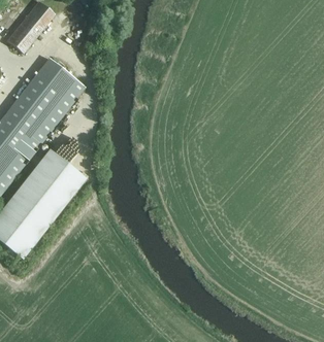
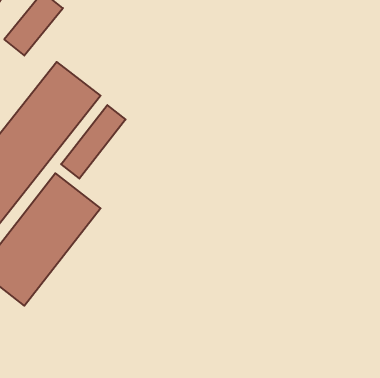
building: none -> [61,105,126,179]

